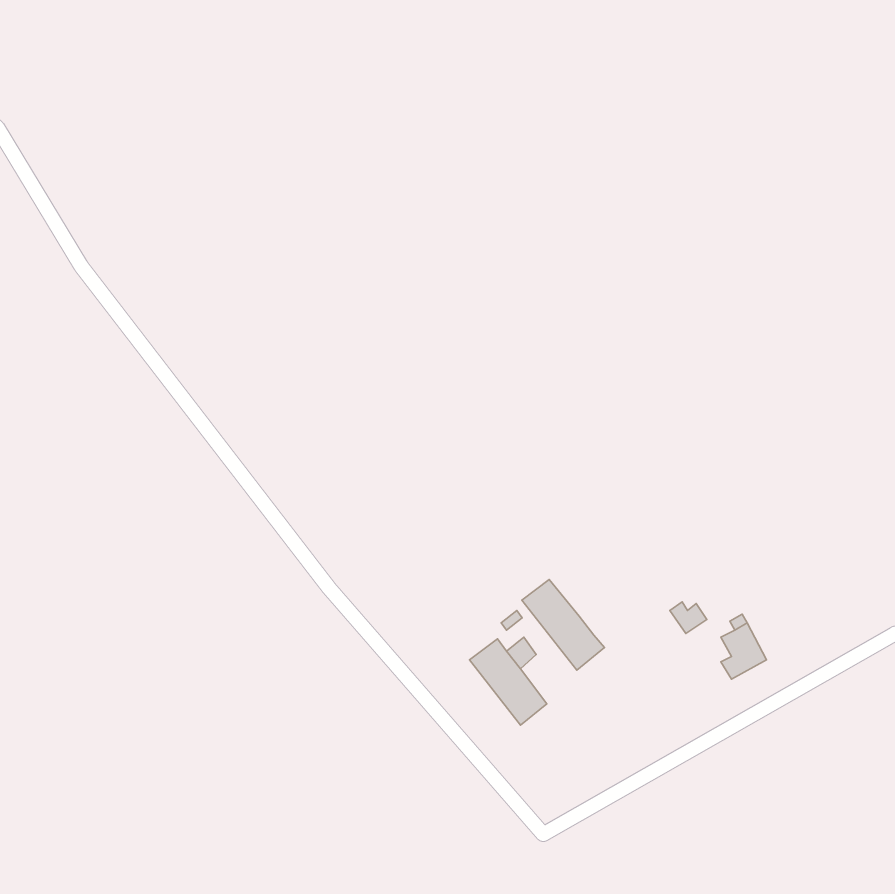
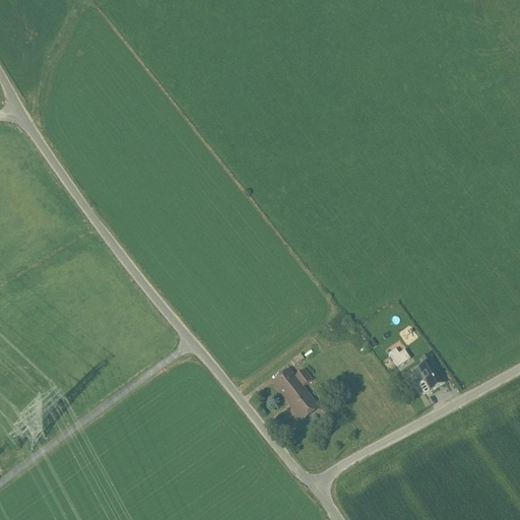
building: [522,579,604,670] -> none

